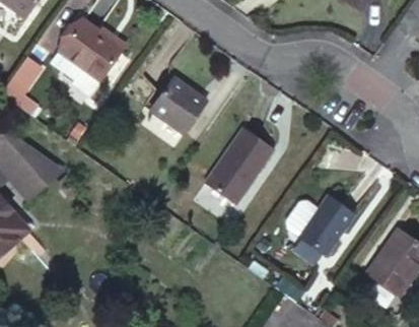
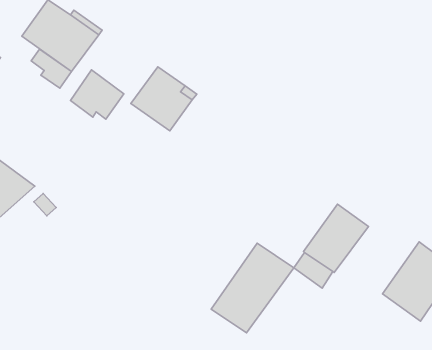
building: none -> [70,70,124,119]
building: [204,124,275,201] -> [211,243,294,333]

